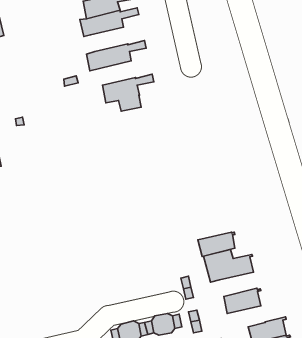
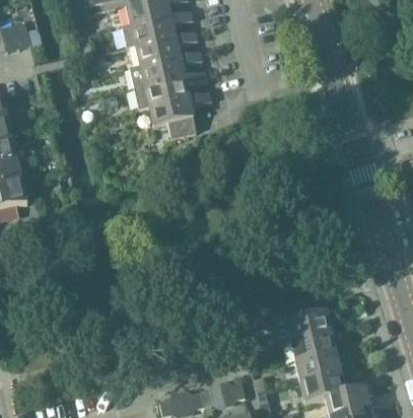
building: none -> [135,30,197,64]
building: none -> [134,71,206,107]
building: [198,232,235,257] -> [290,330,335,359]
building: none -> [299,370,345,401]

